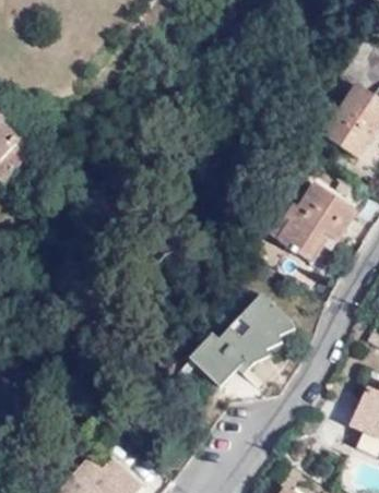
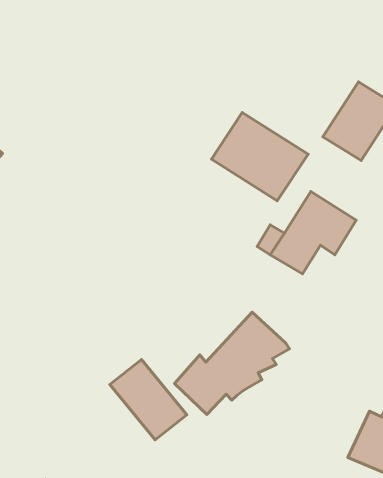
building: none -> [211,112,308,201]
building: none -> [110,360,187,440]

